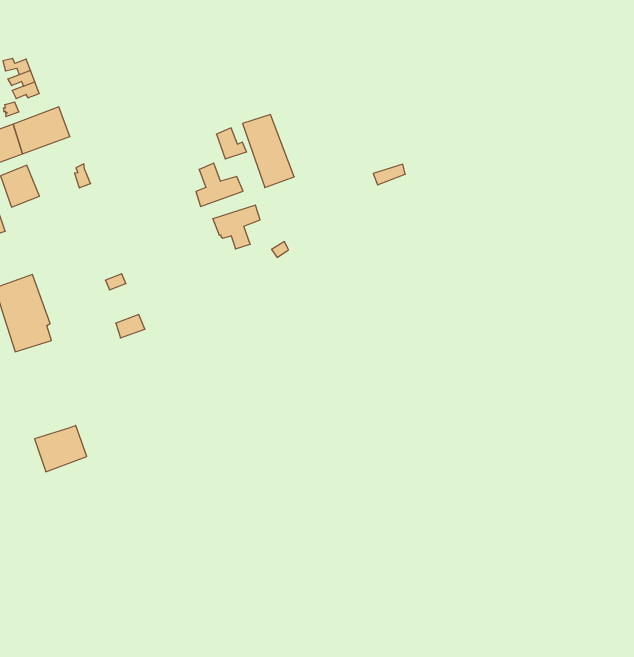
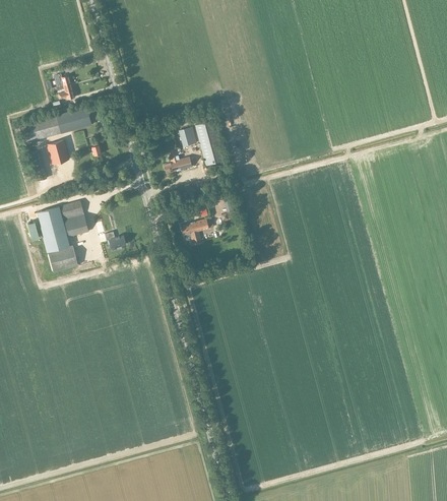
building: [213,205,260,249] -> [181,218,209,244]
building: none -> [62,200,89,236]
building: [35,425,87,472] -> [48,245,78,271]

